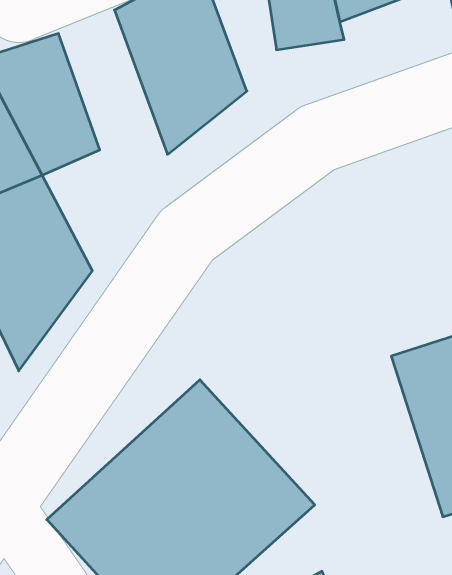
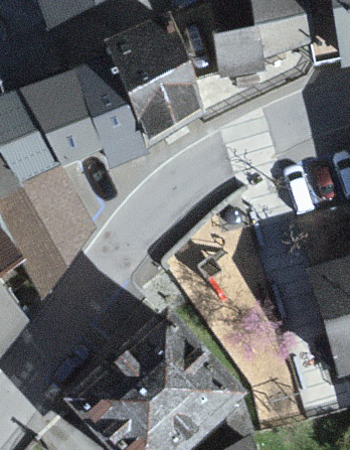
building: none -> [72,49,147,168]

